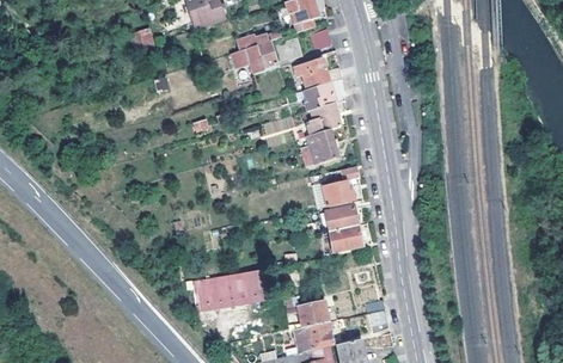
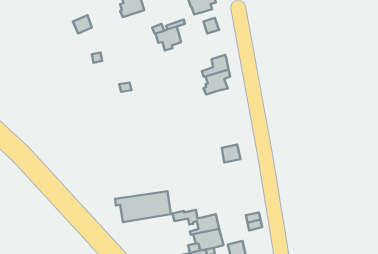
building: [293,59,337,92] -> none
building: [306,129,338,164] -> none
building: [322,166,359,205] -> none
building: [330,224,363,252] -> none

